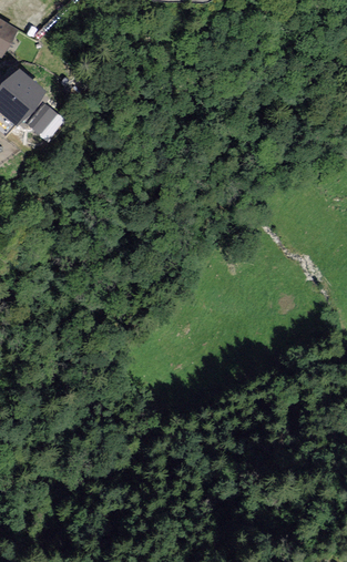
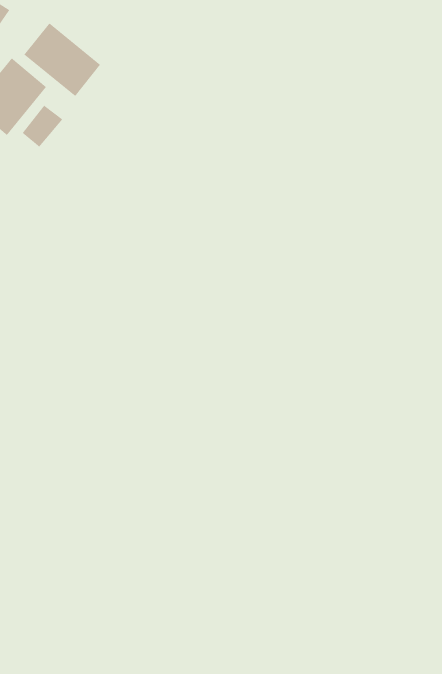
building: none -> [24,22,101,97]

